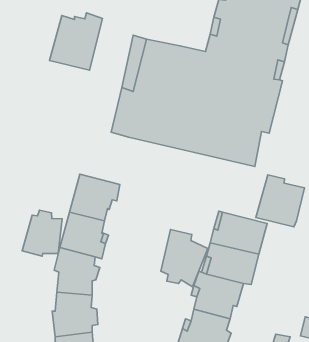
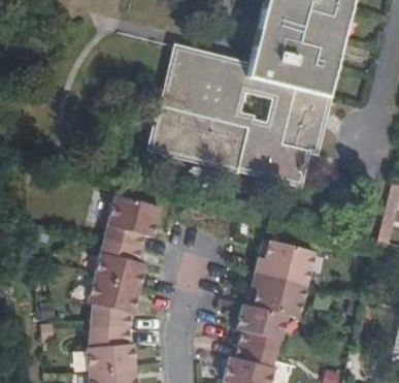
building: [50,13,103,70] -> none
building: [256,175,305,227] -> none
building: [22,210,62,256] -> none
building: [161,229,208,287] -> none

